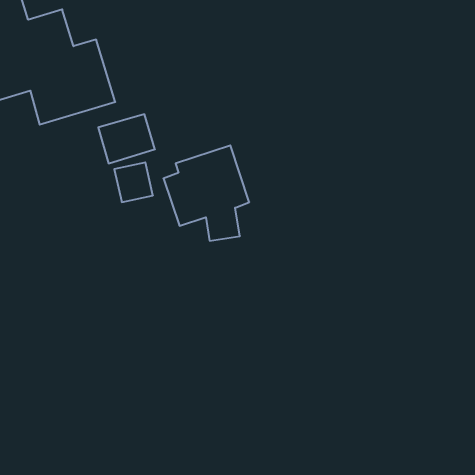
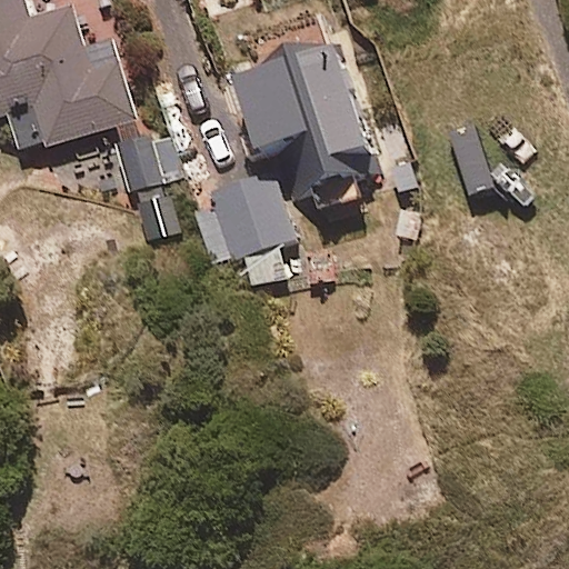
building: none -> [249,33,375,192]

